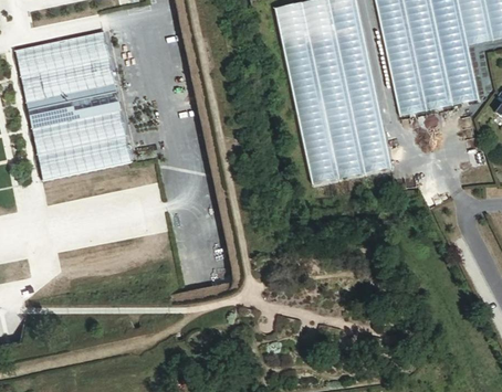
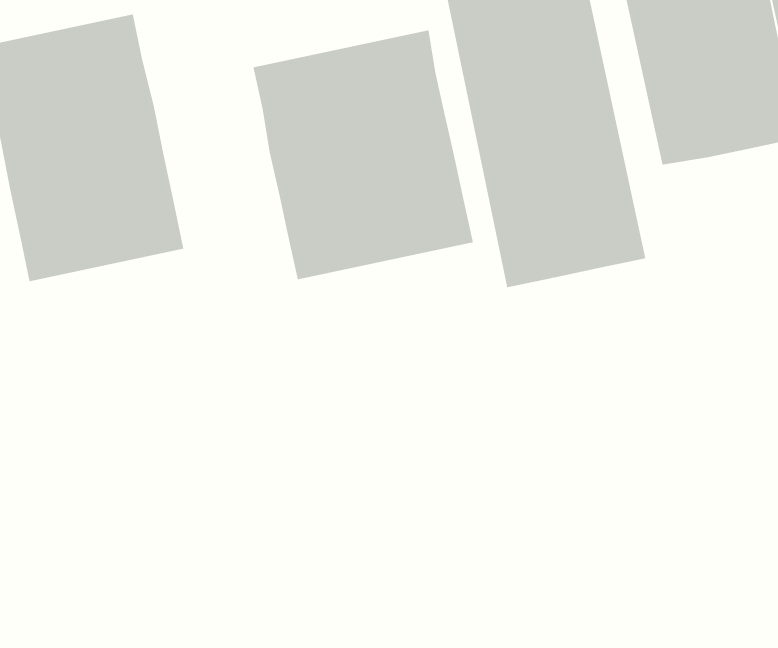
building: none -> [253,29,473,280]

